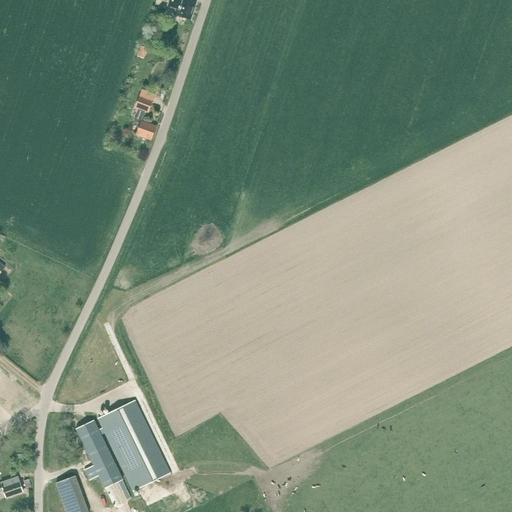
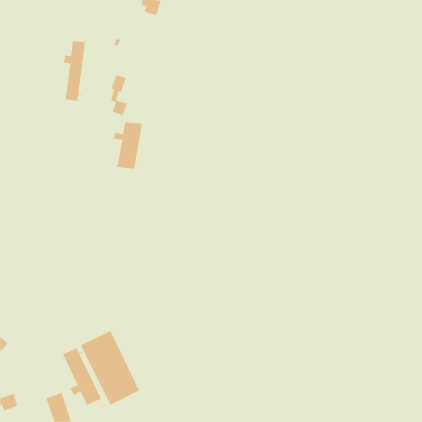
building: none -> [63,40,85,101]
building: none -> [113,121,142,169]

